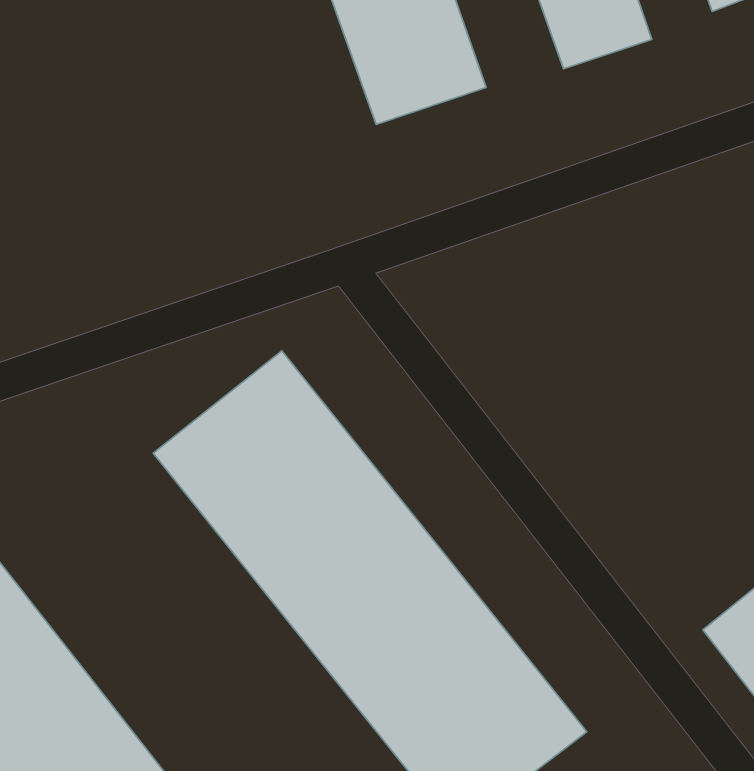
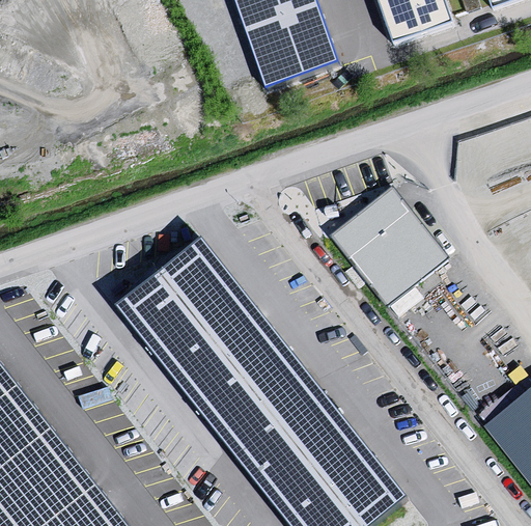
building: none -> [328,183,446,303]

